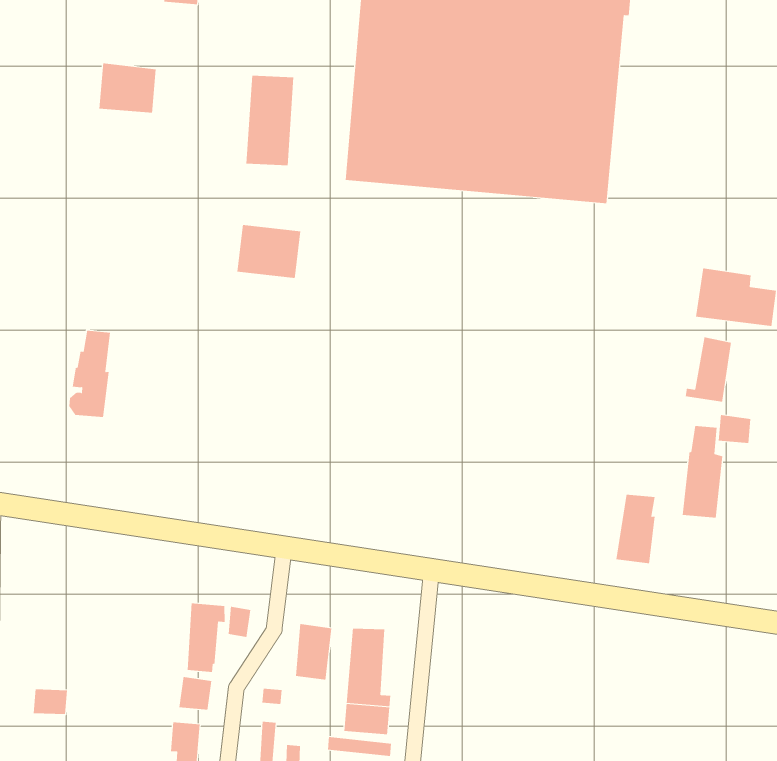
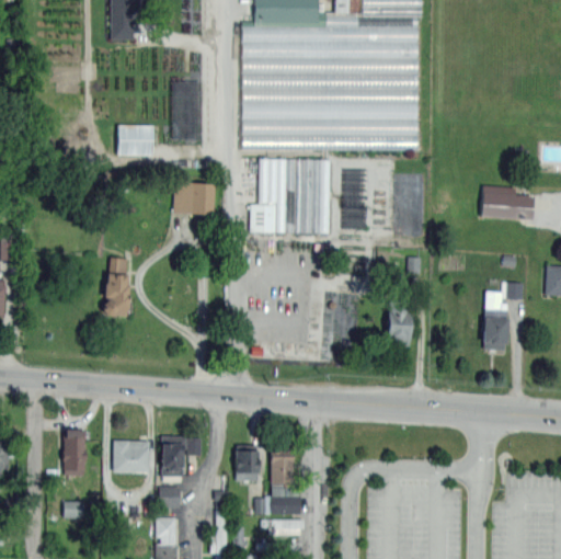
building: [99,63,156,113] -> [118,125,154,156]
building: none -> [250,157,330,232]
building: [68,330,111,418] -> [103,258,128,315]
building: [685,337,732,403] -> none
building: [615,494,655,564] -> [386,300,410,345]
building: none -> [64,429,87,475]
building: none -> [113,440,149,471]

